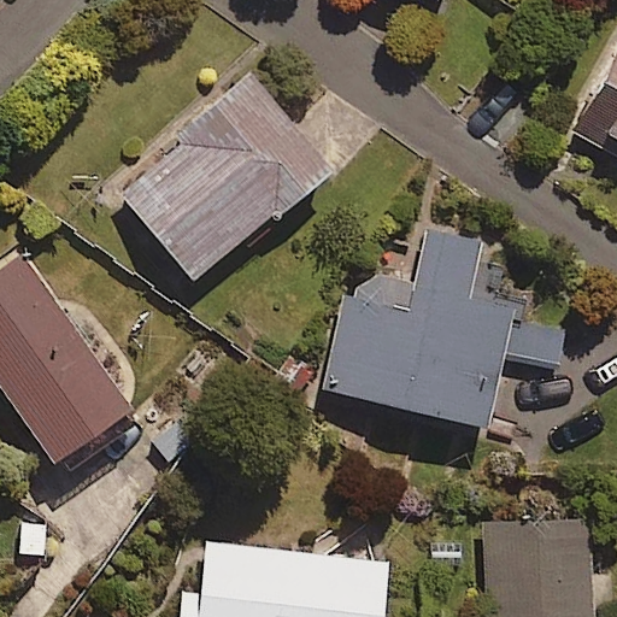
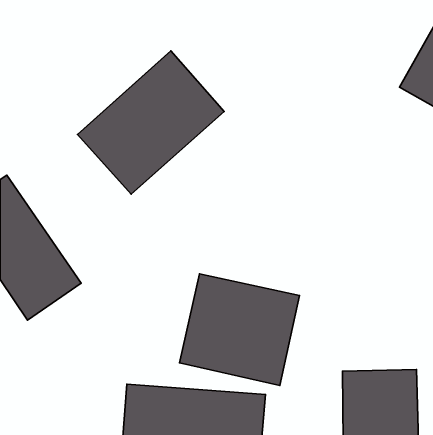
building: [329,231,513,425] -> none
building: none -> [179,274,300,385]

